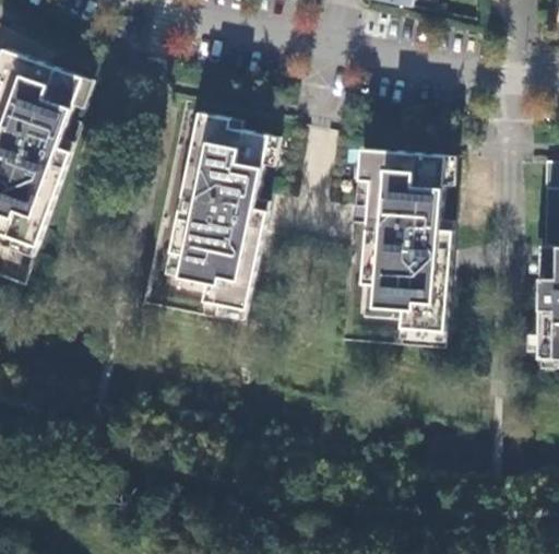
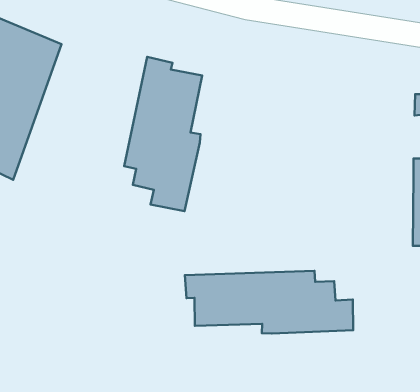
building: [356,148,450,330] -> none
building: none -> [185,271,353,333]

